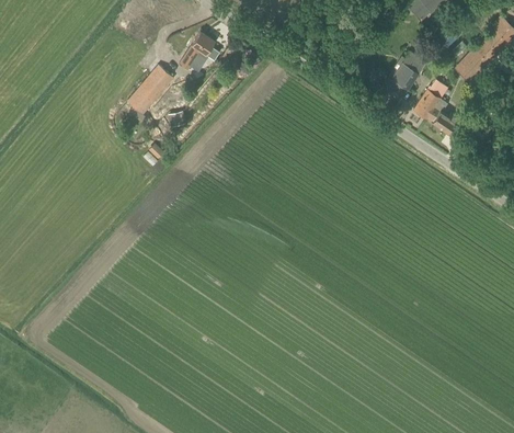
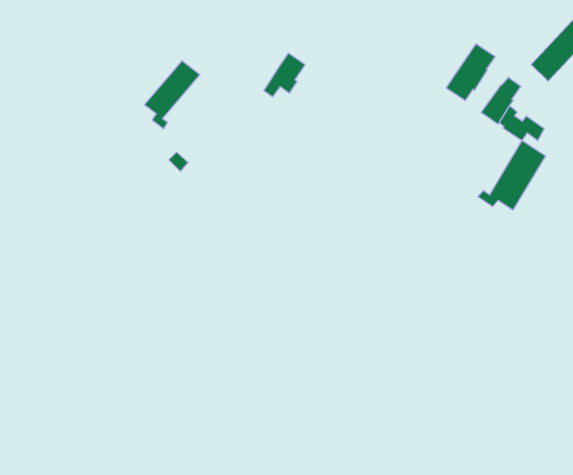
building: [180,32,215,69] -> [264,53,305,97]
building: none -> [478,141,545,210]

